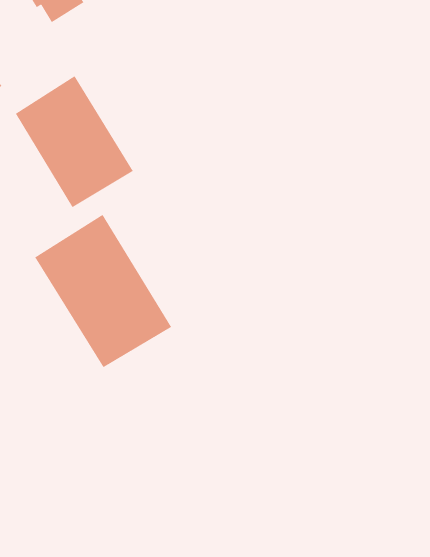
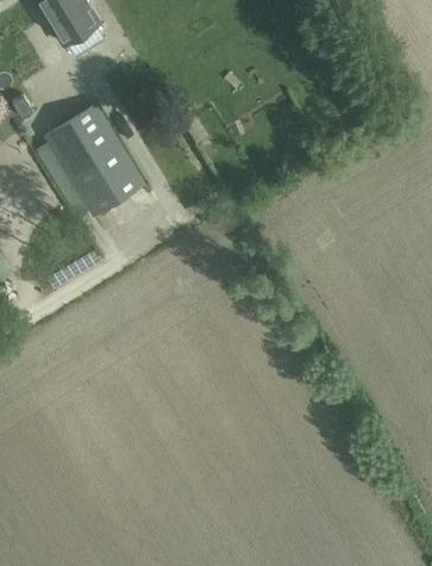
building: [34,214,172,368] -> none

